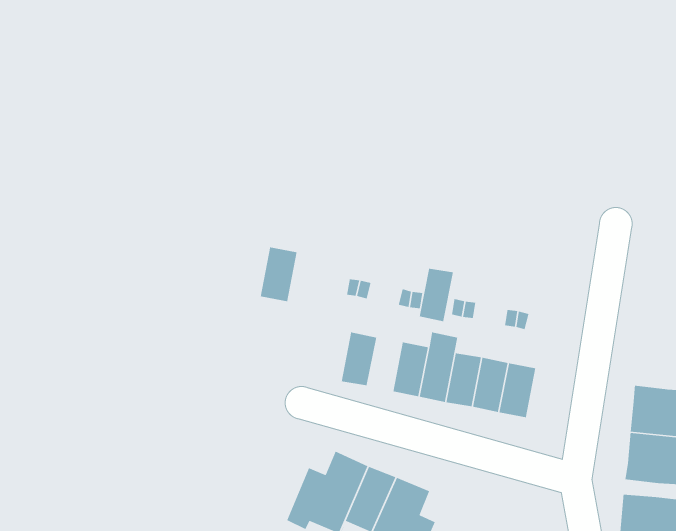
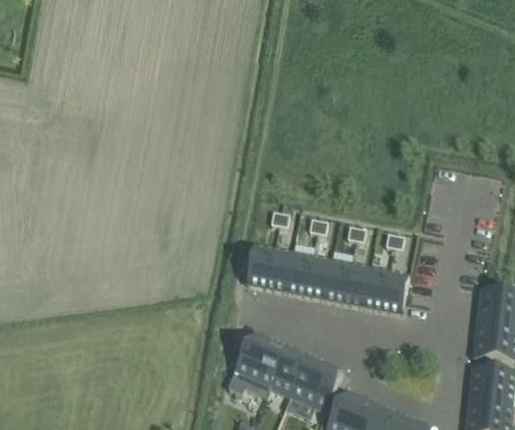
building: [260,246,298,302] -> [247,246,274,287]
building: [419,268,454,322] -> [286,254,312,294]

